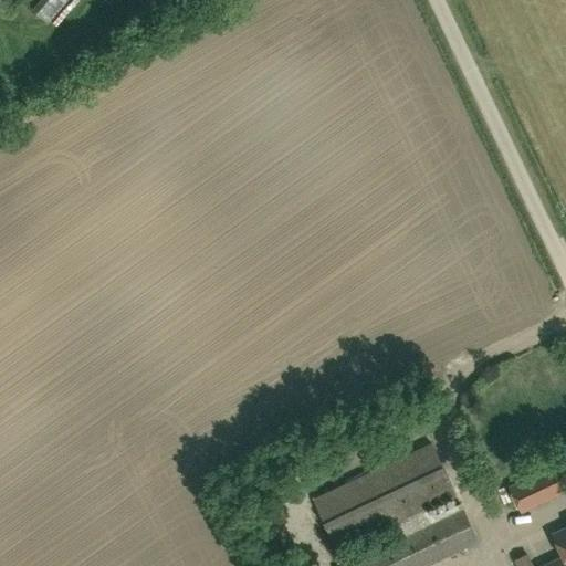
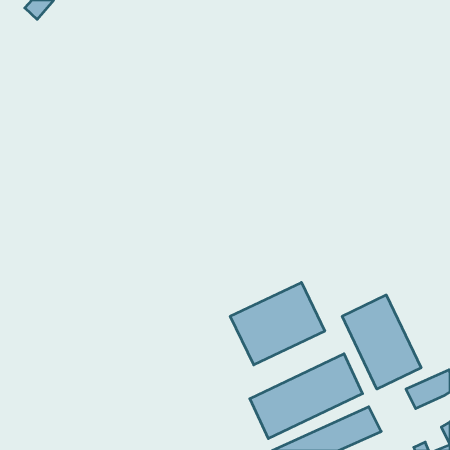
building: none -> [230,282,325,365]
building: none -> [342,295,421,389]

